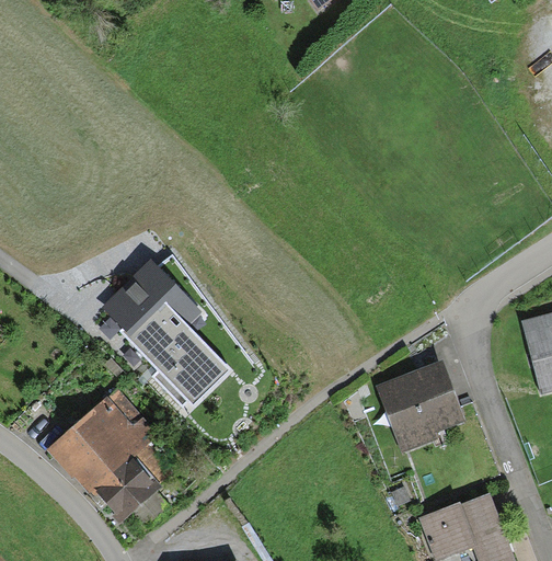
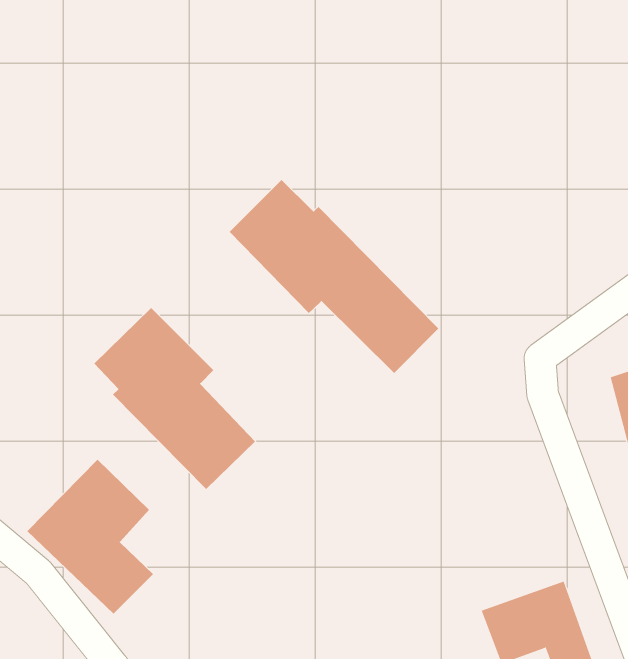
building: none -> [229,179,439,374]
building: [377,362,464,451] -> none

